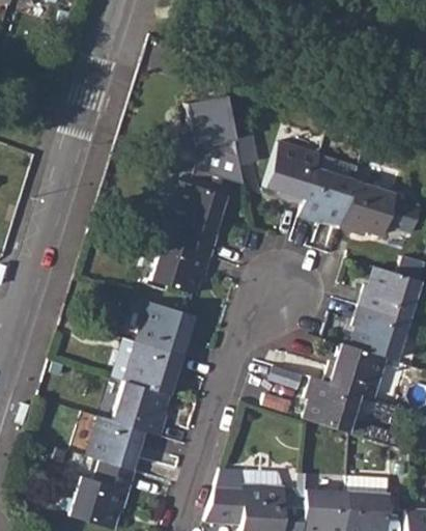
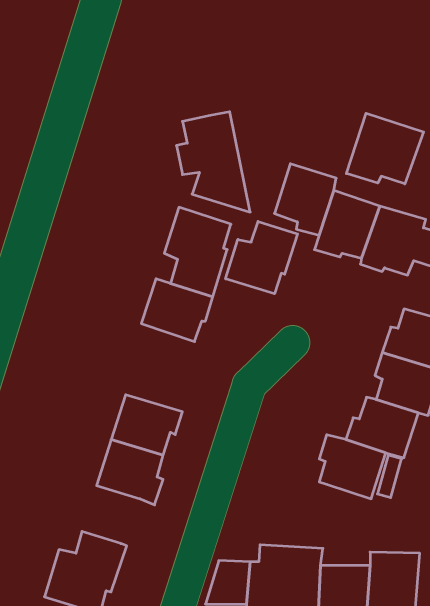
building: none -> [346,113,424,184]
building: none -> [226,221,298,294]
building: [137,300,194,355] -> none
building: [88,415,149,468] -> none

